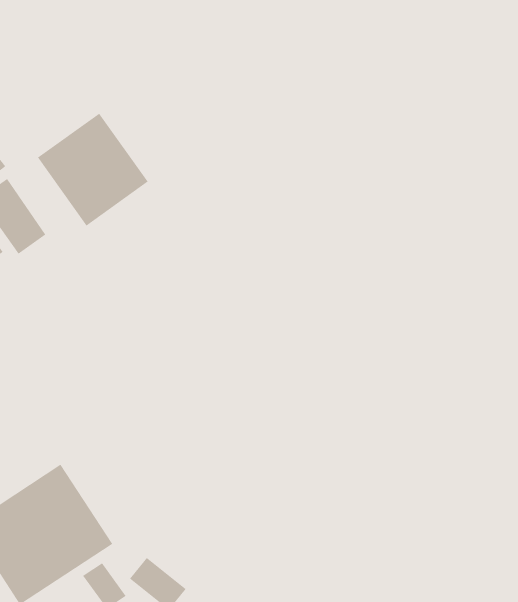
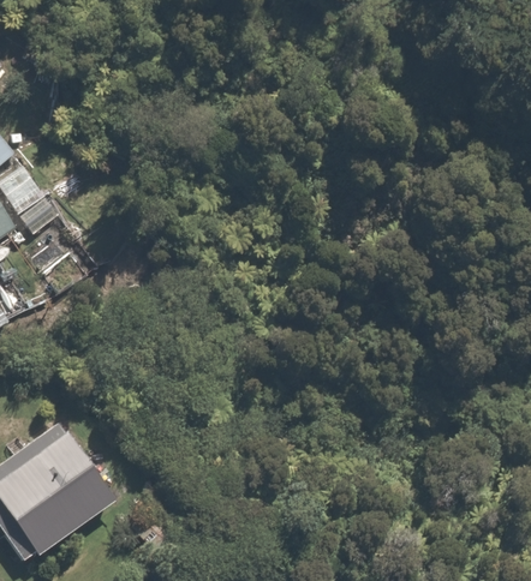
building: [37,113,148,226] -> none

